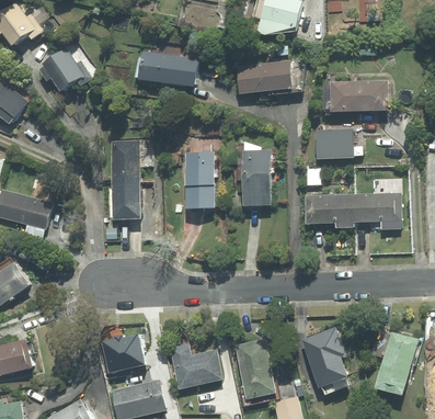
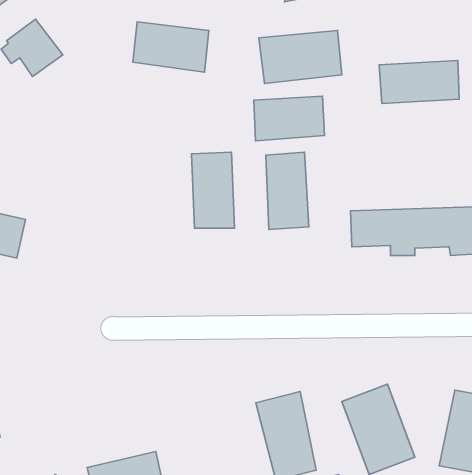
building: none -> [254,96,324,141]
building: [313,128,354,159] -> none
building: [108,137,141,218] -> none
building: [94,333,138,373] -> none
building: [168,341,224,388] -> none

